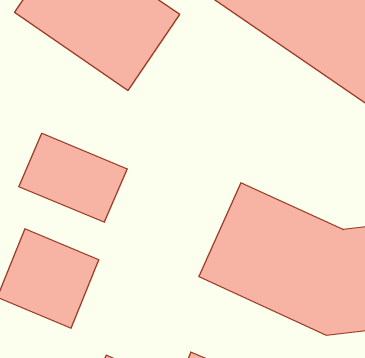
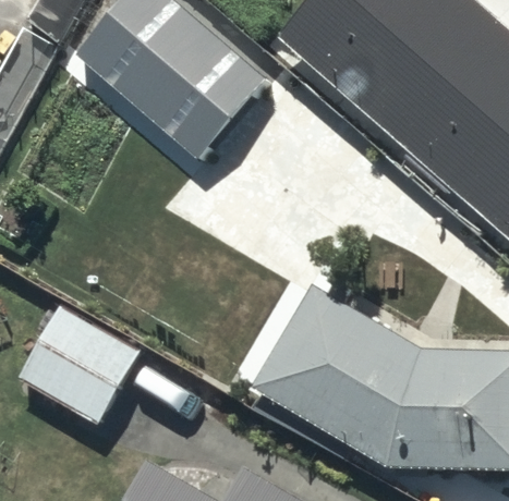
building: [19,133,127,222] -> none

